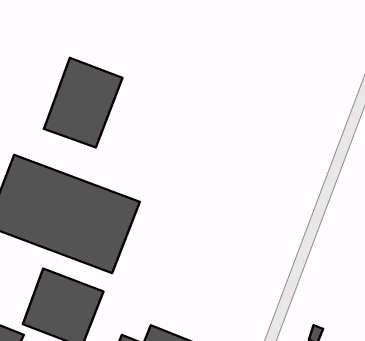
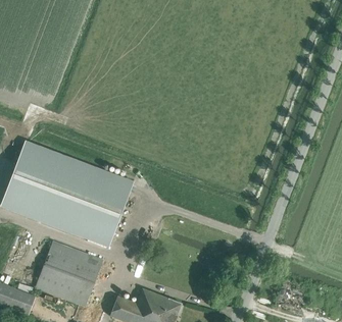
building: [44,58,123,148] -> none

